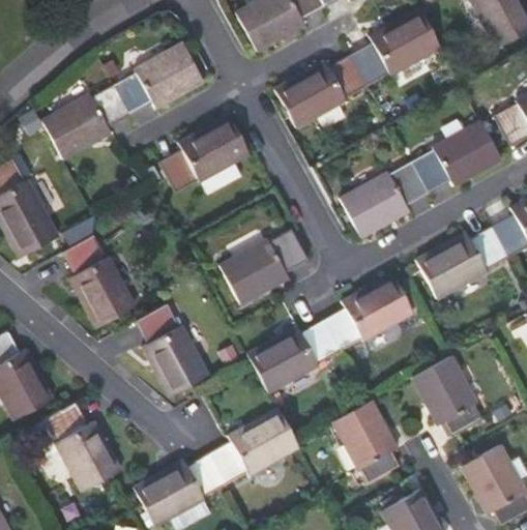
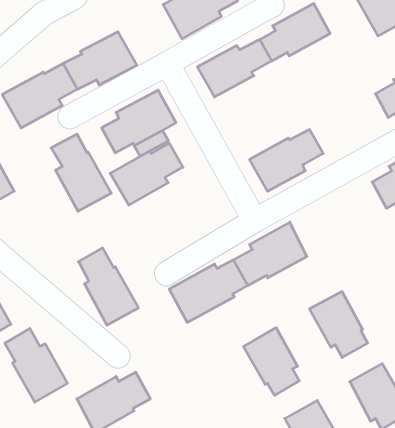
building: [414,121,501,190] -> none
building: [416,225,507,299] -> none
building: [221,229,309,303] -> [110,143,183,205]
building: [60,235,133,328] -> [51,134,111,211]
building: [204,409,295,487] -> none

